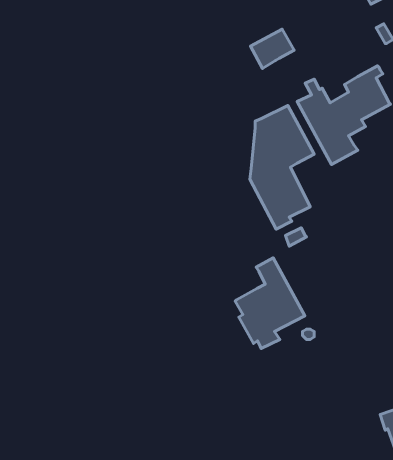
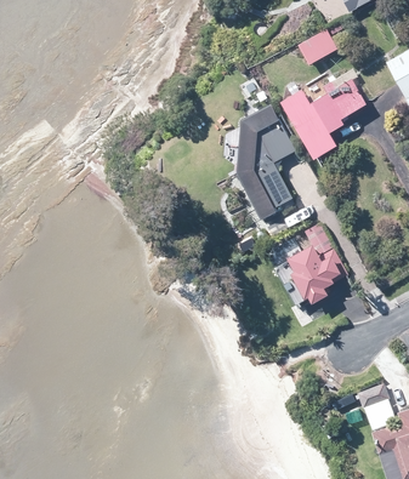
building: [251,29,294,69] -> [299,28,339,64]
building: [235,258,305,349] -> [285,221,350,304]

